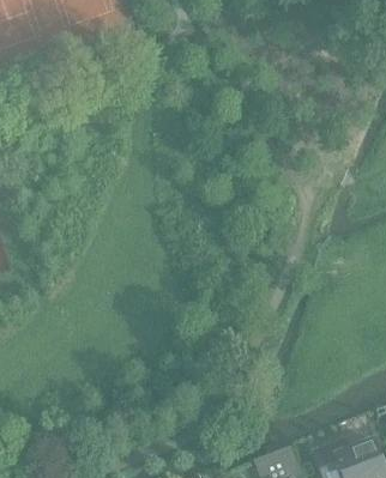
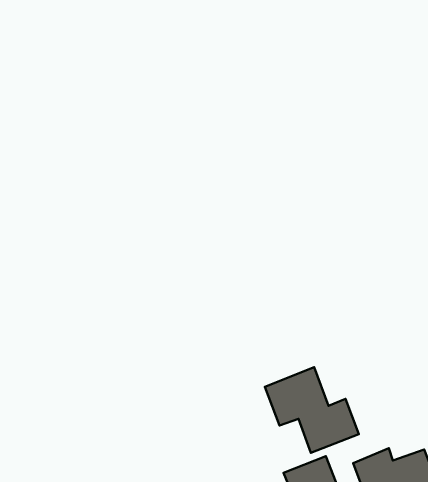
building: none -> [265,367,359,453]

